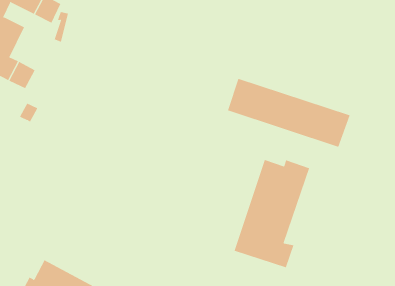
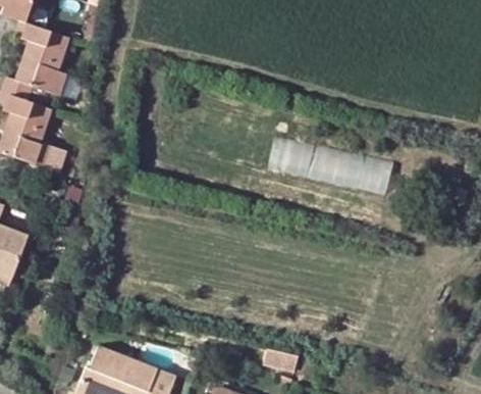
building: [234,159,310,268] -> none

